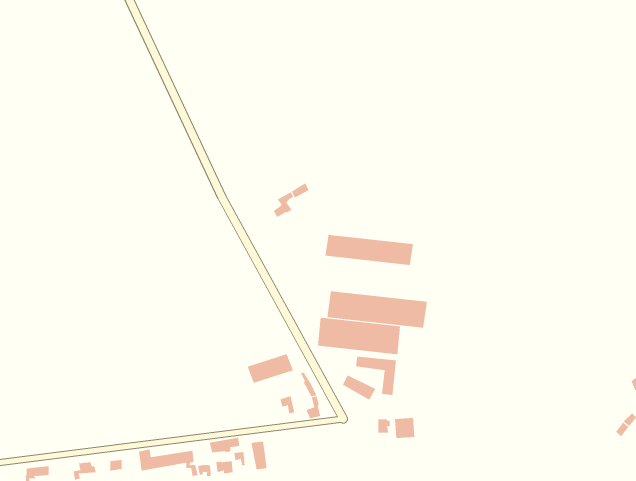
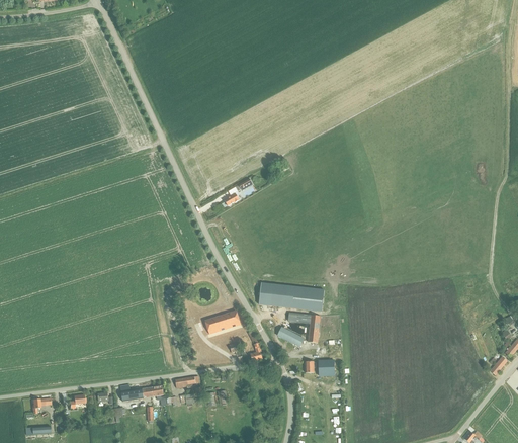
building: [325,234,413,266] -> none
building: [327,291,427,328] -> none

